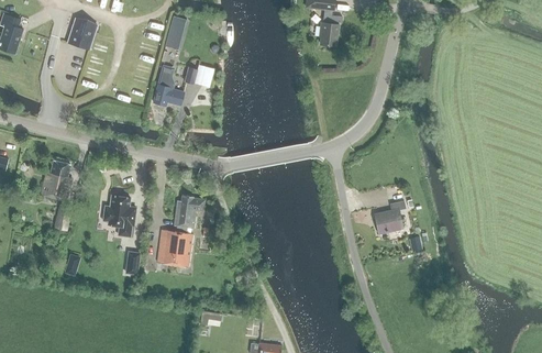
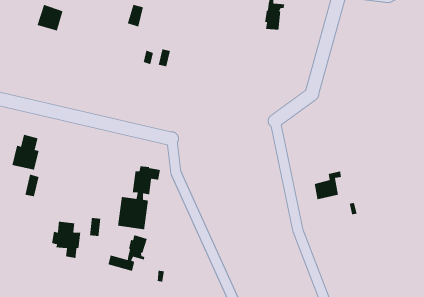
building: [153,66,184,104] -> none
building: [102,195,135,236] -> [51,221,81,259]
building: none -> [108,234,148,272]

